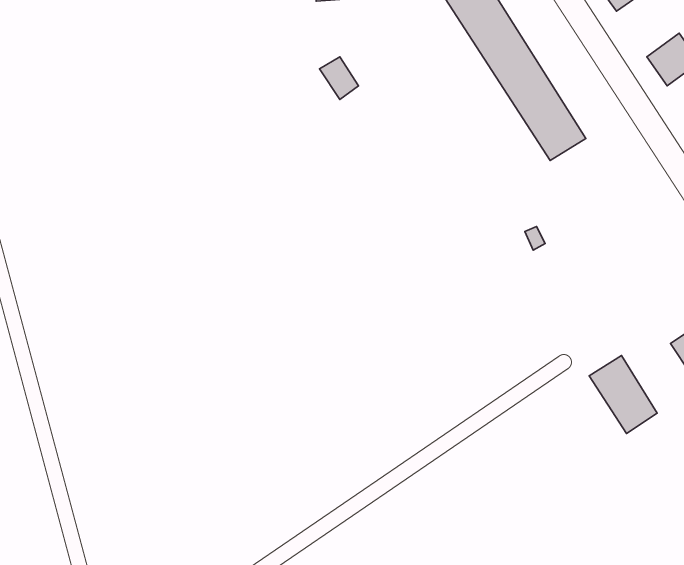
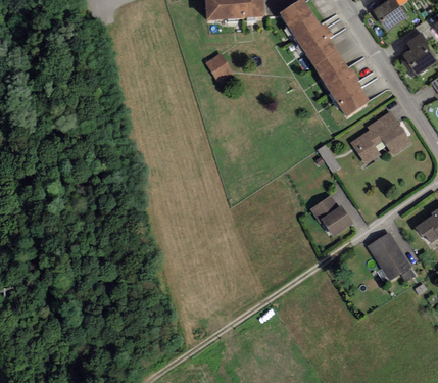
building: none -> [351,111,410,161]
building: none -> [313,195,350,235]

